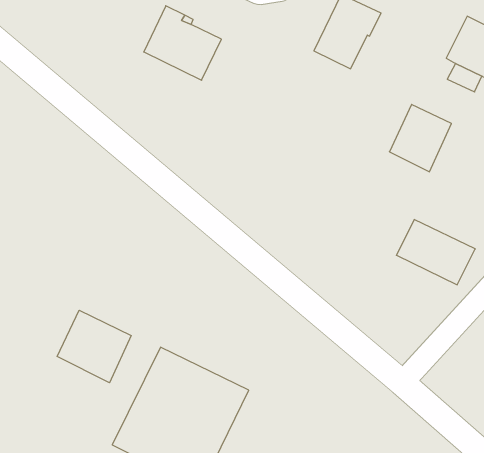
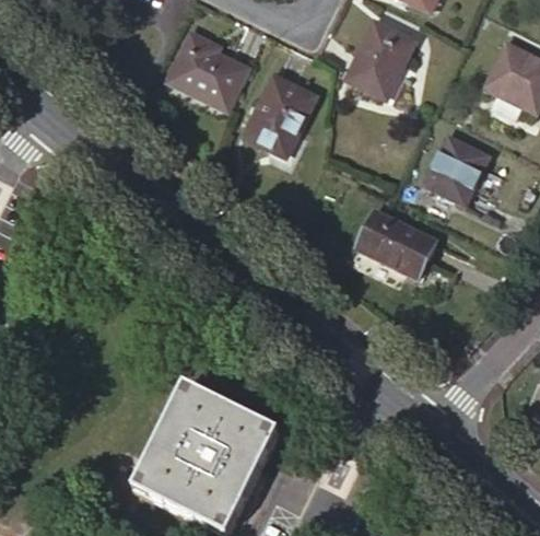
building: none -> [245,75,315,155]
building: [396,220,475,285] -> [355,209,437,277]
building: [57,310,131,383] -> none

